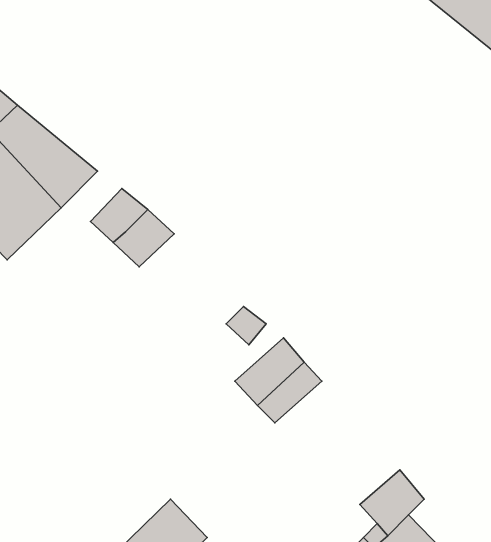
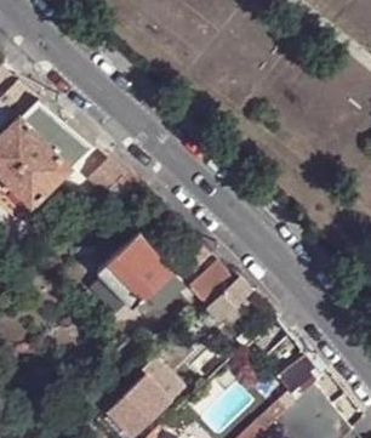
building: none -> [99,231,176,308]

